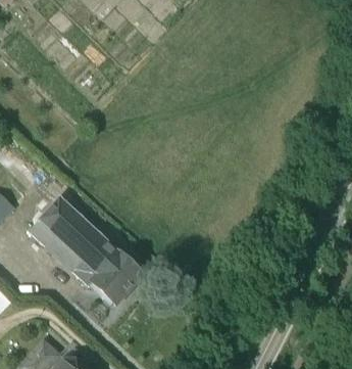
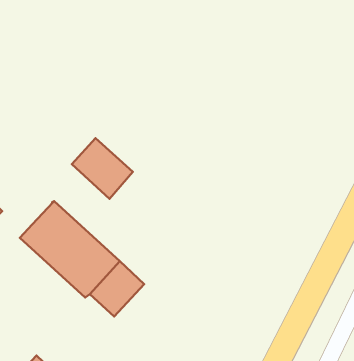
building: none -> [72,138,133,199]

